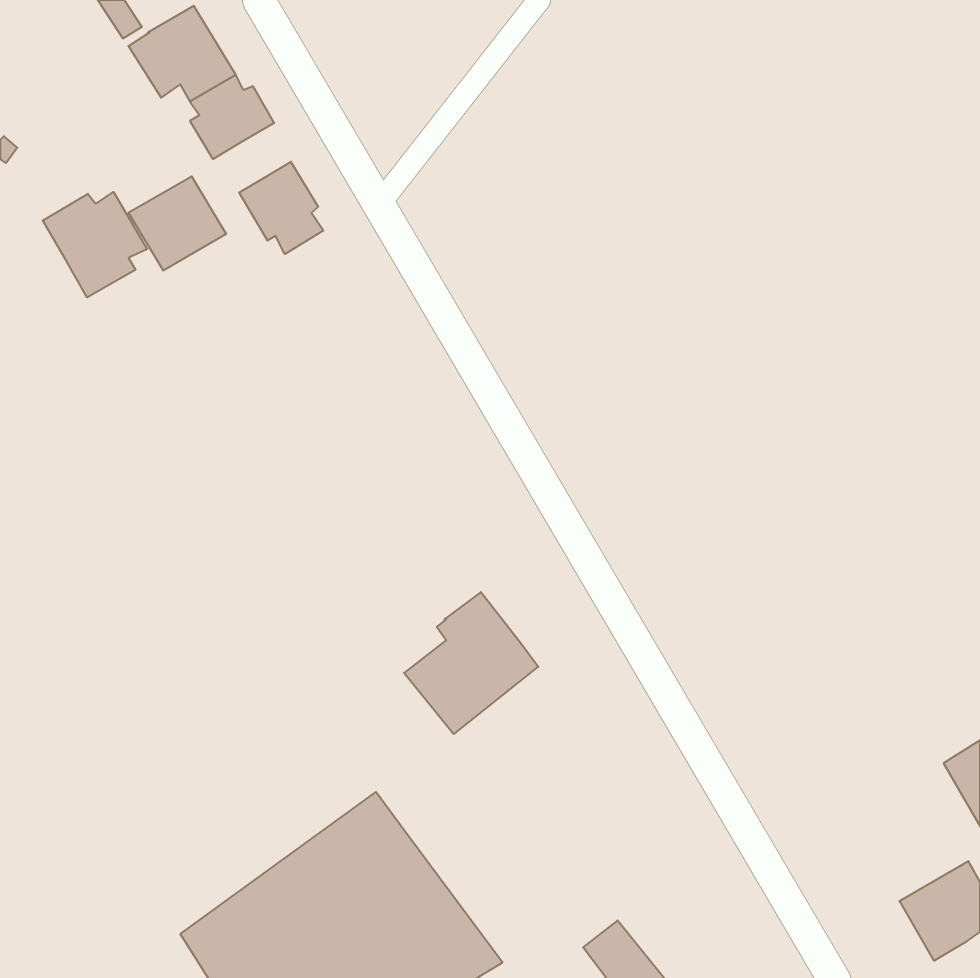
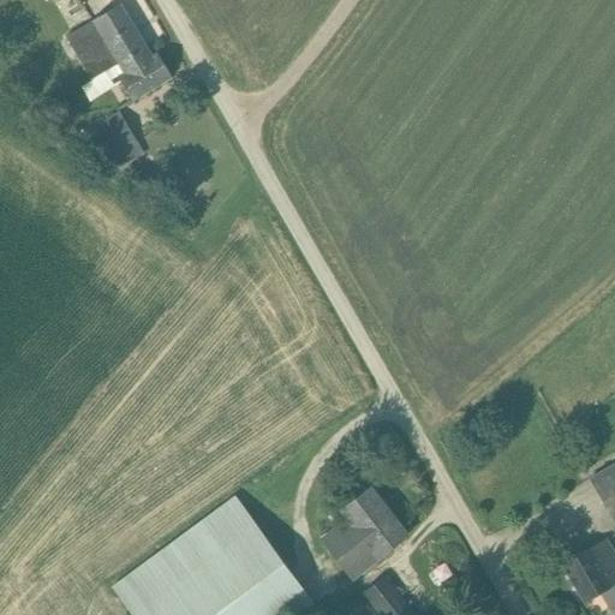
building: [239,162,323,254] -> none
building: [43,192,147,297] -> none
building: [404,592,538,734] -> [322,490,406,579]

